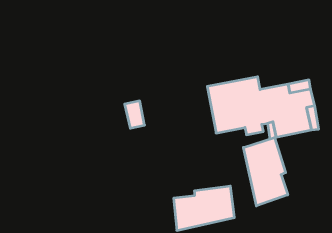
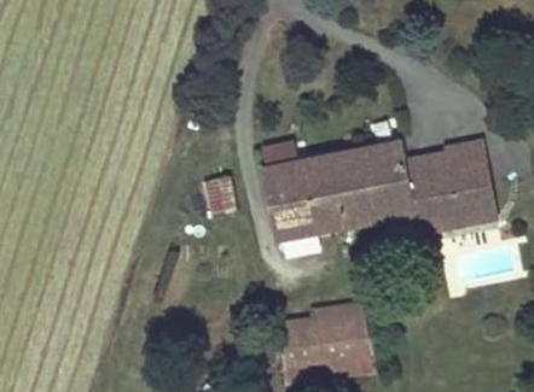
building: none -> [261,148,343,238]
building: [243,138,288,206] -> none

